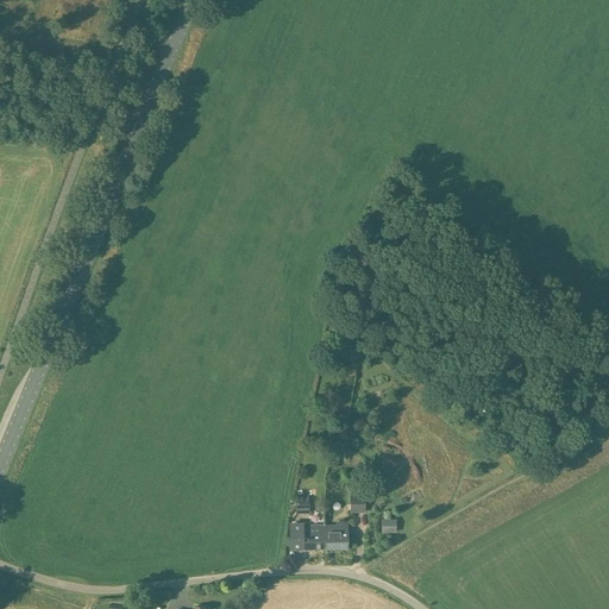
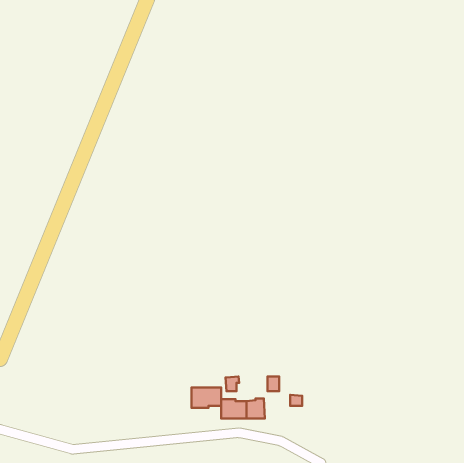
building: none -> [191,387,221,408]

